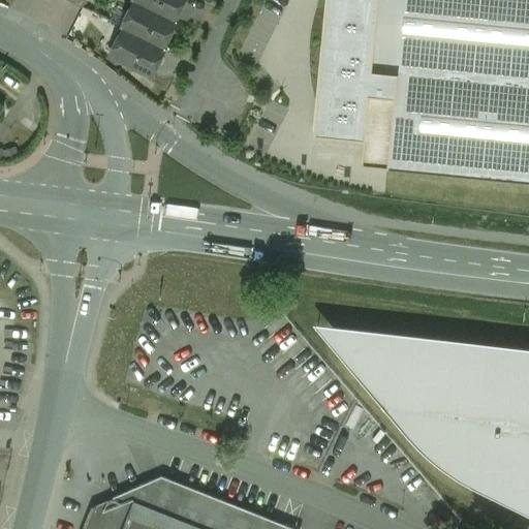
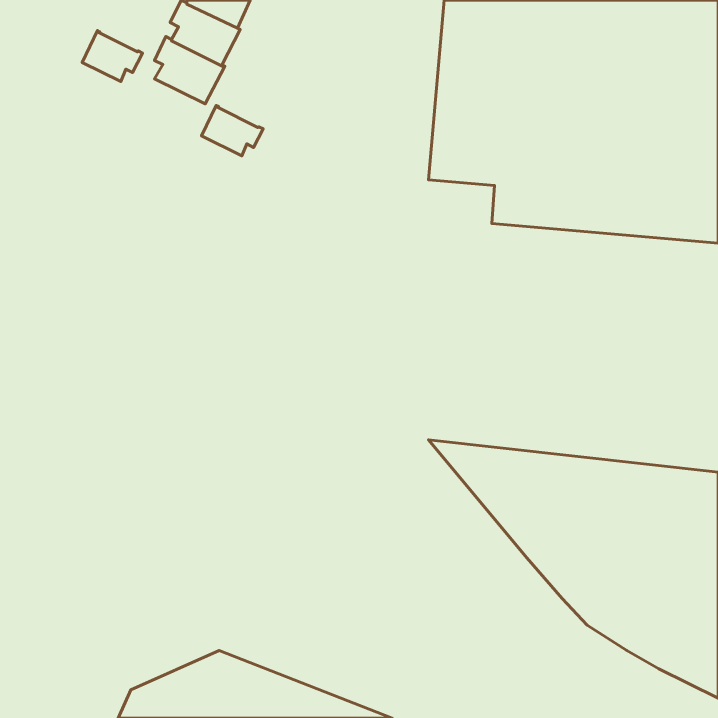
building: none -> [82,31,143,82]
building: none -> [202,105,263,156]

